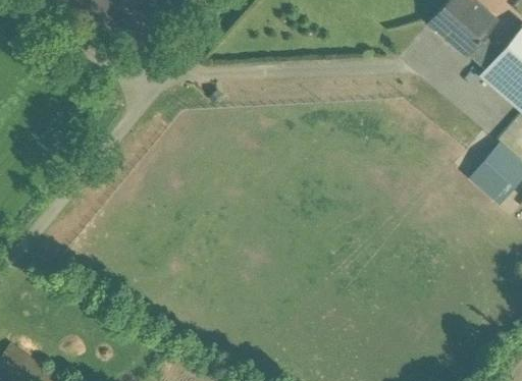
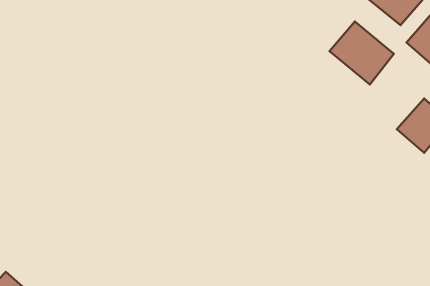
building: none -> [330,21,394,84]

